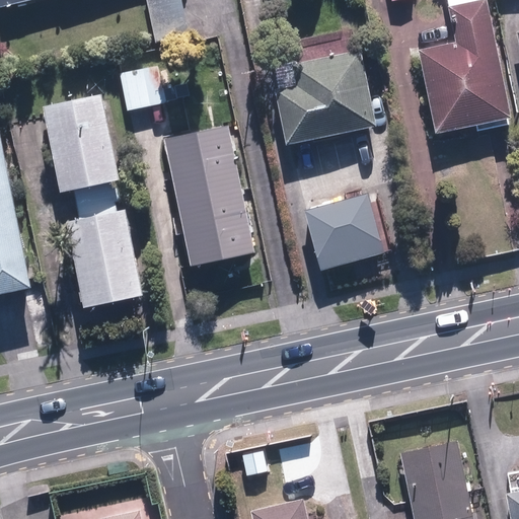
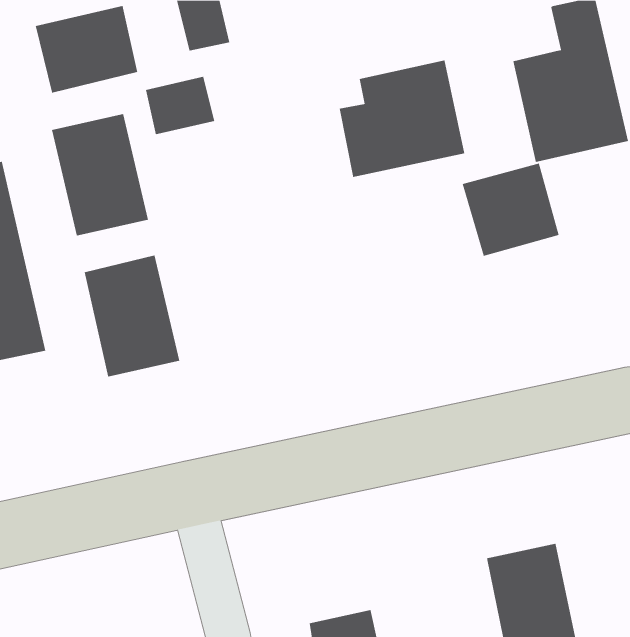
building: none -> [35,5,138,94]
building: [162,125,255,266] -> none
building: [303,194,382,270] -> [462,163,559,256]

